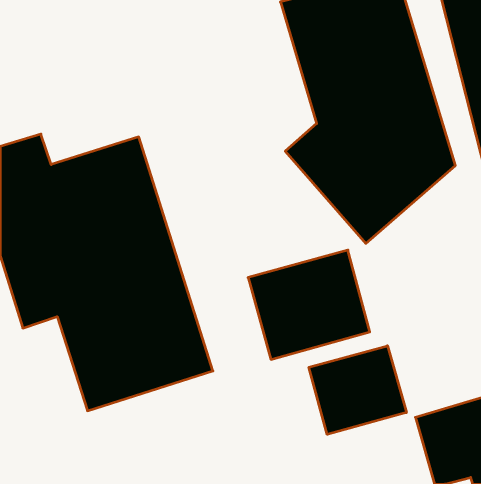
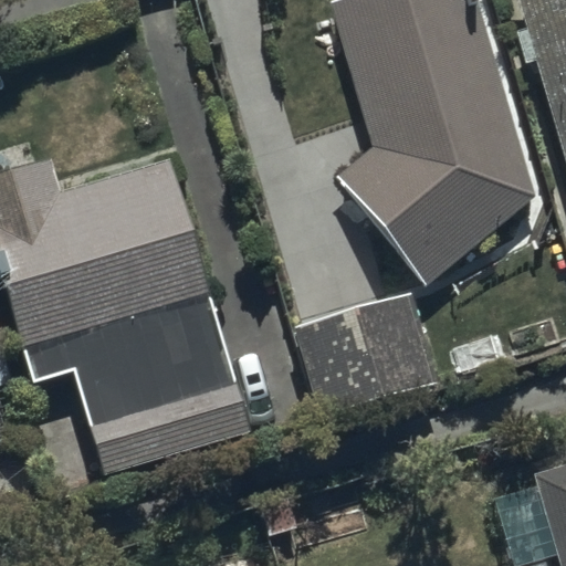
building: [309,346,406,434] -> none

